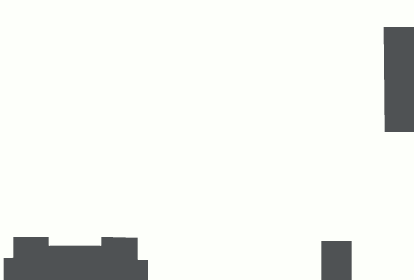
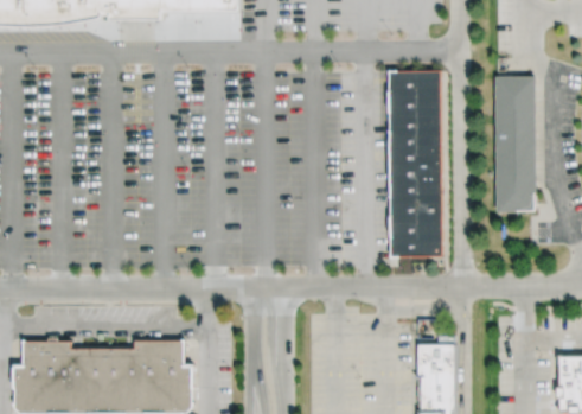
building: none -> [388,69,441,255]

